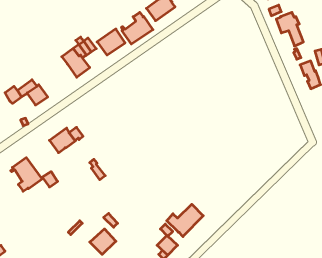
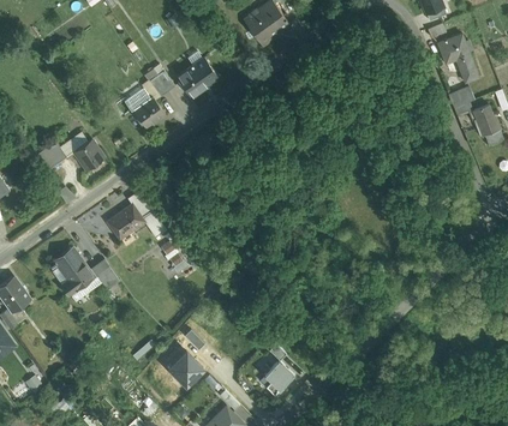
building: [122,12,153,44] -> none
building: [167,204,203,237] -> none

